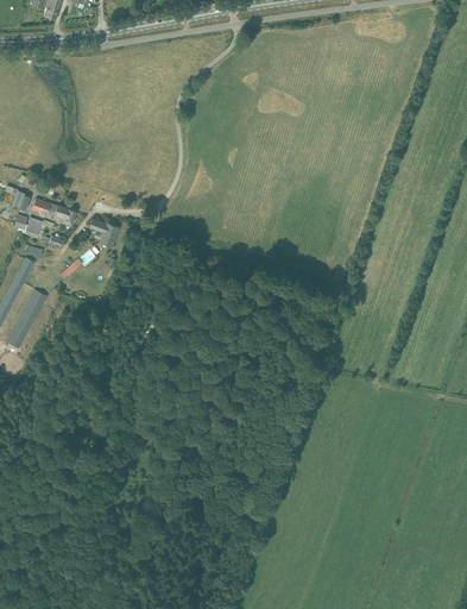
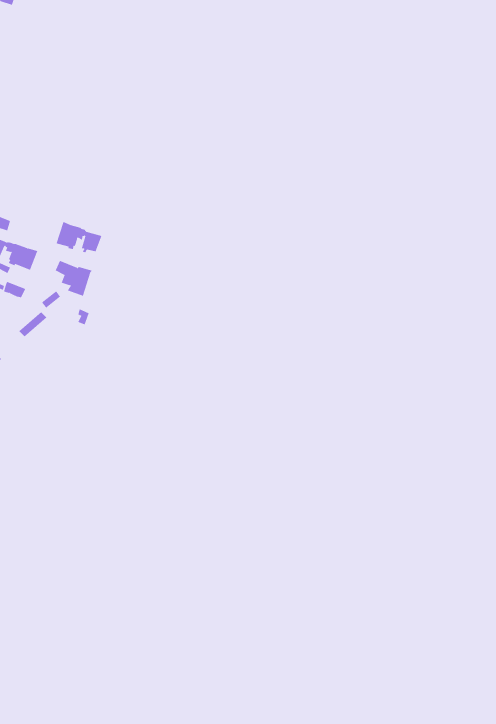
building: none -> [56,221,102,253]

